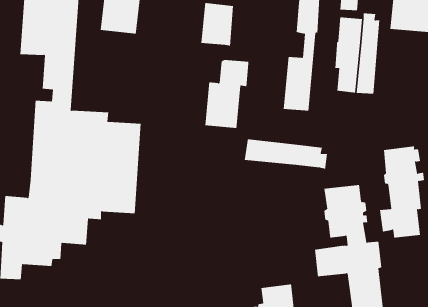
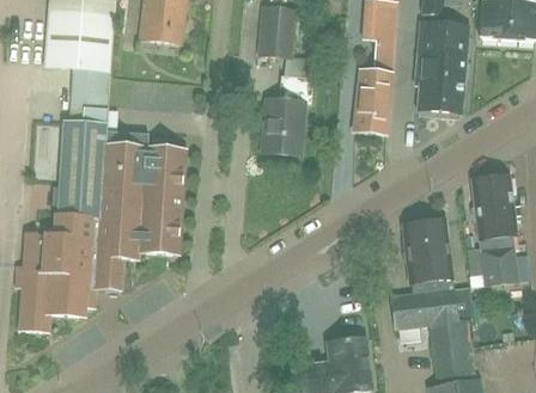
building: [244,138,328,169] -> none

